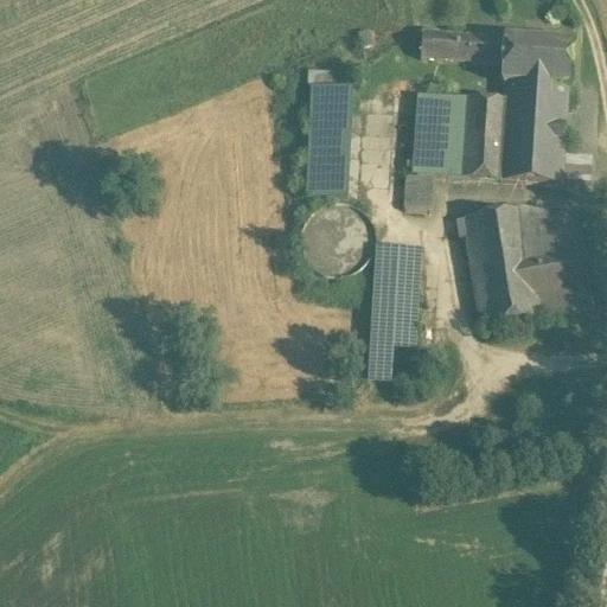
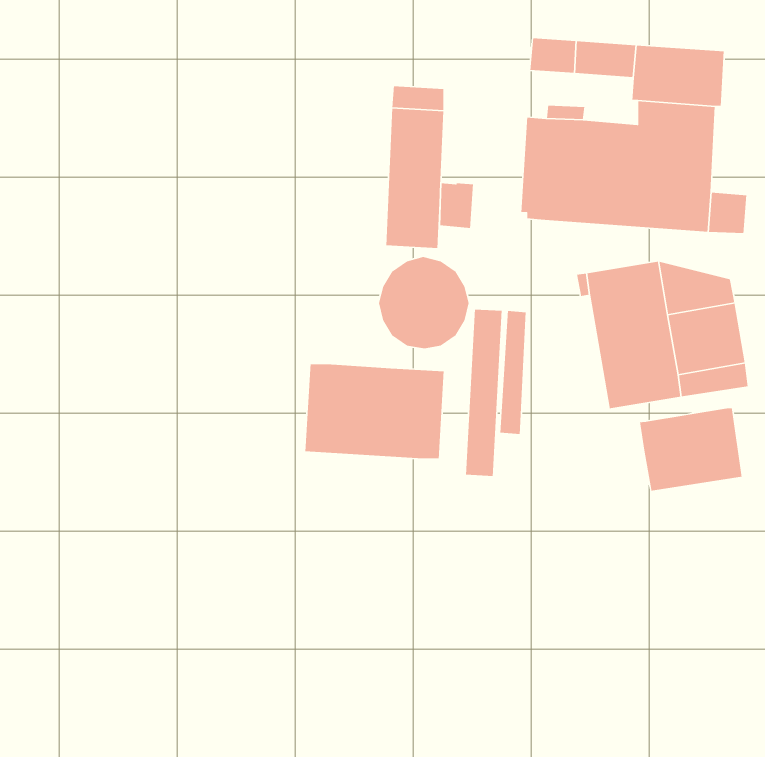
building: [403,173,430,210] -> [439,182,474,229]
building: none -> [305,363,444,459]
building: none -> [639,407,743,491]

